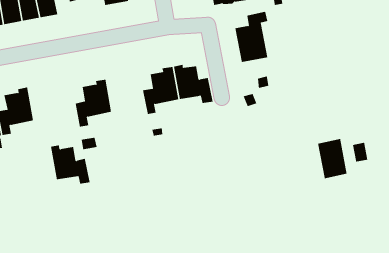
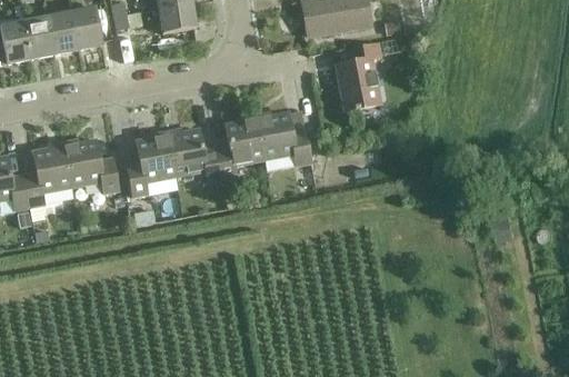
building: none -> [166,129,220,181]
building: [317,138,347,179] -> none
building: [50,145,91,184] -> [62,139,116,191]

